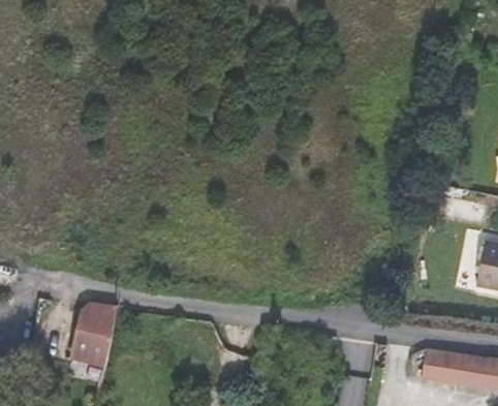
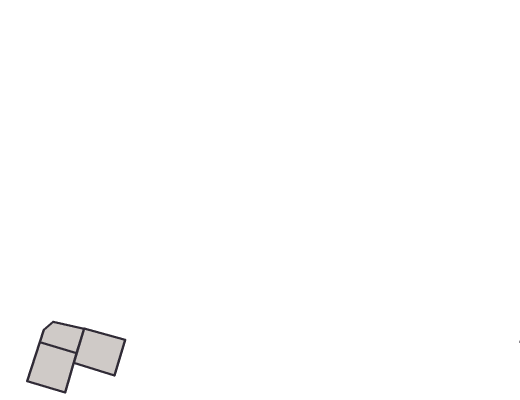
building: none -> [74,328,125,375]

